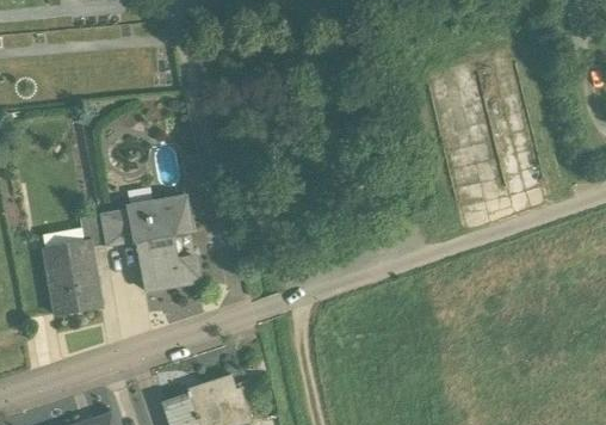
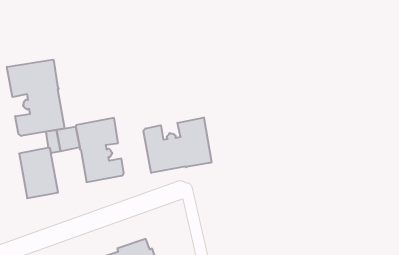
building: none -> [7,60,64,136]
building: none -> [144,117,212,173]

